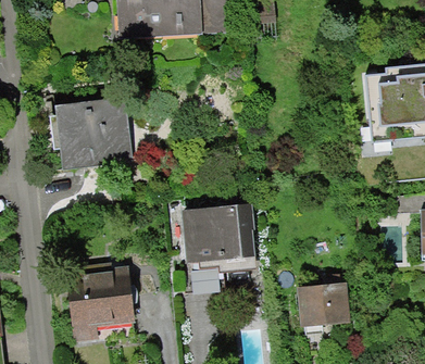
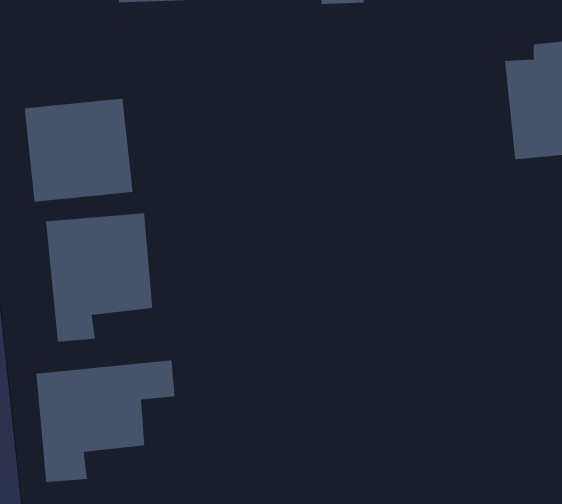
building: [185,204,254,288] -> [45,212,153,342]
building: [298,279,352,341] -> none

